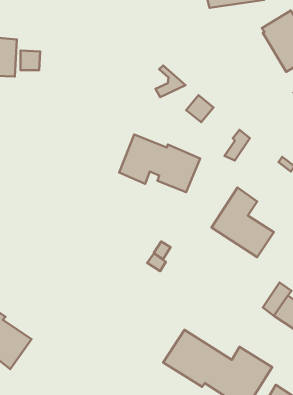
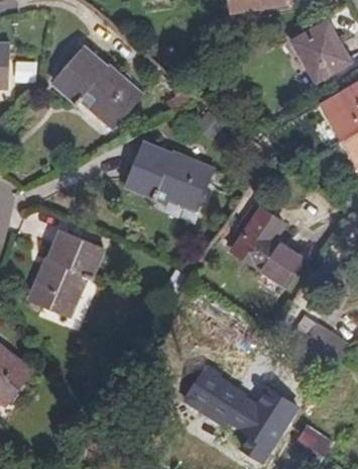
building: none -> [58,55,148,132]
building: none -> [38,233,110,319]

